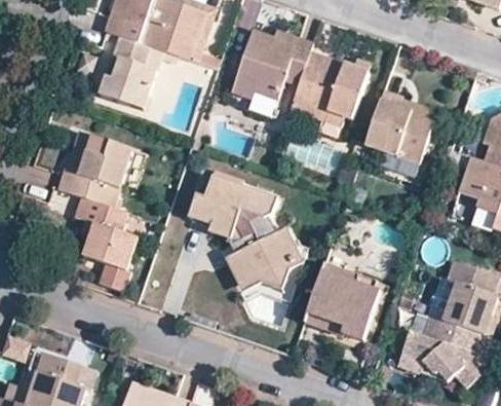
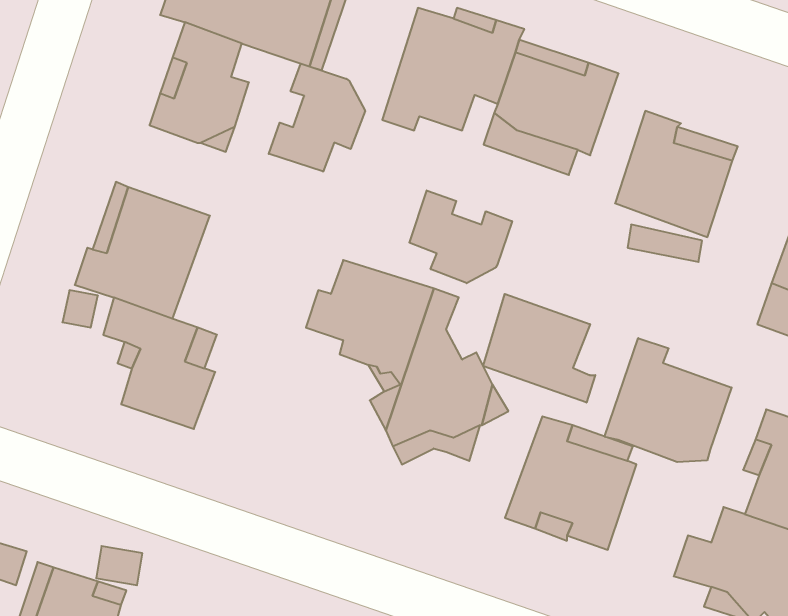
building: none -> [269,64,365,172]
building: none -> [409,190,512,283]
building: none -> [483,294,595,403]
building: none -> [605,338,732,462]

